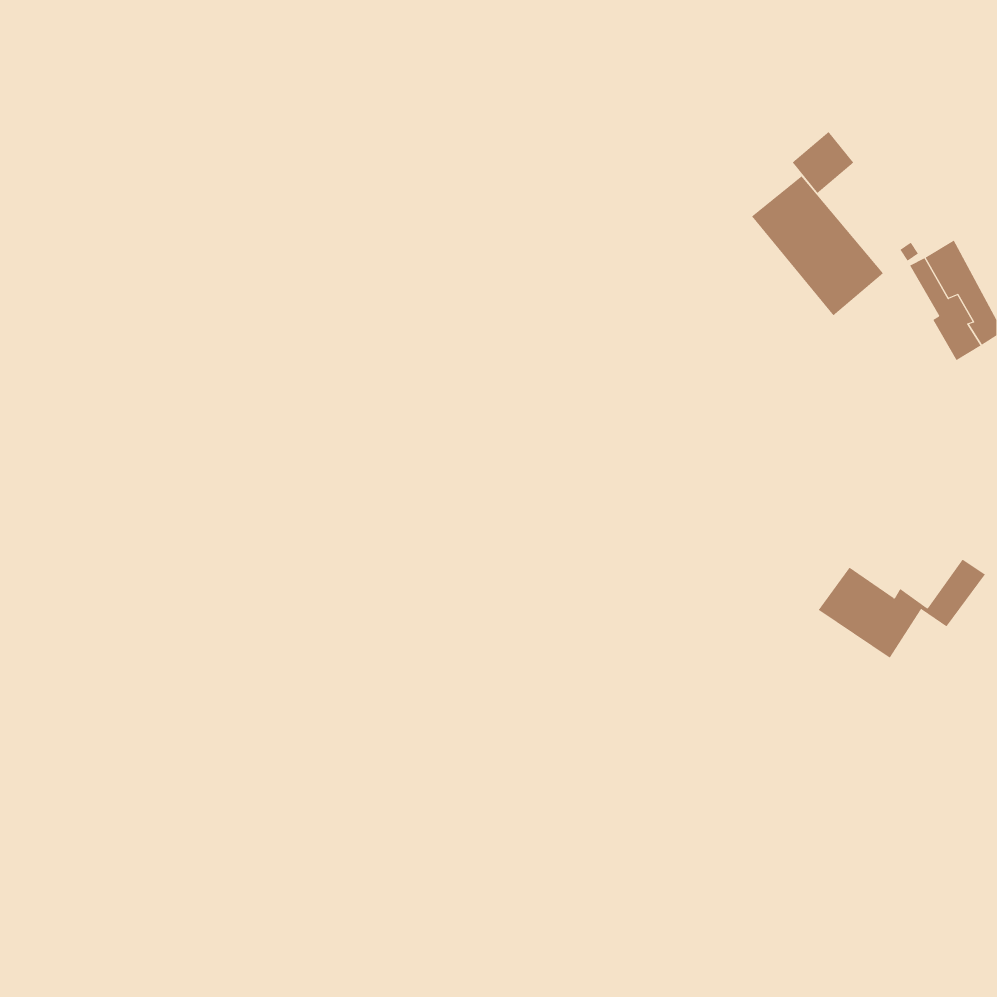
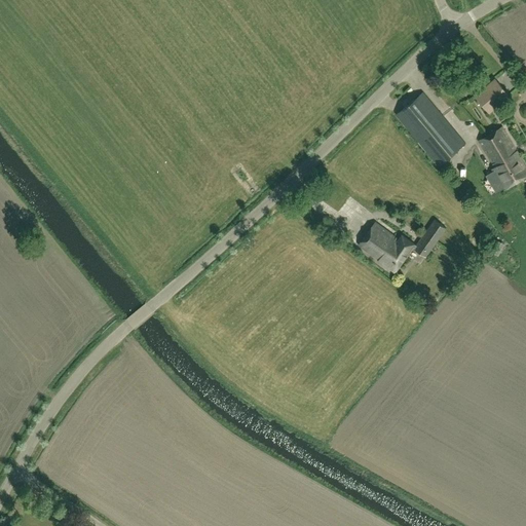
building: [792,131,854,194] -> [476,79,509,112]
building: [818,559,986,658] -> [359,220,447,272]

